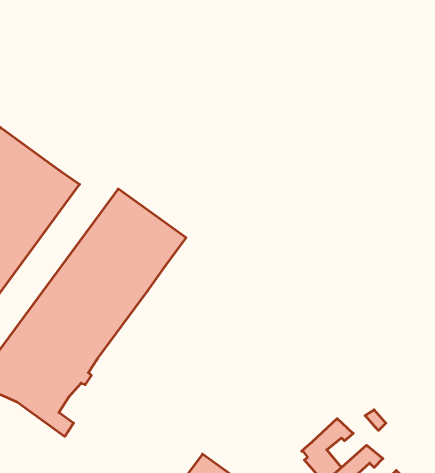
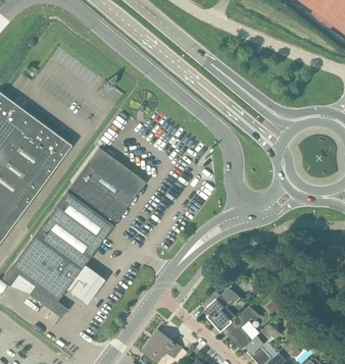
building: none -> [65,265,104,306]
building: none -> [203,289,241,332]

